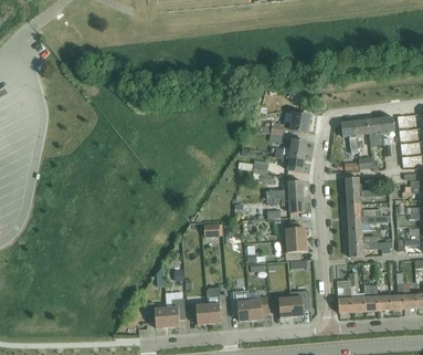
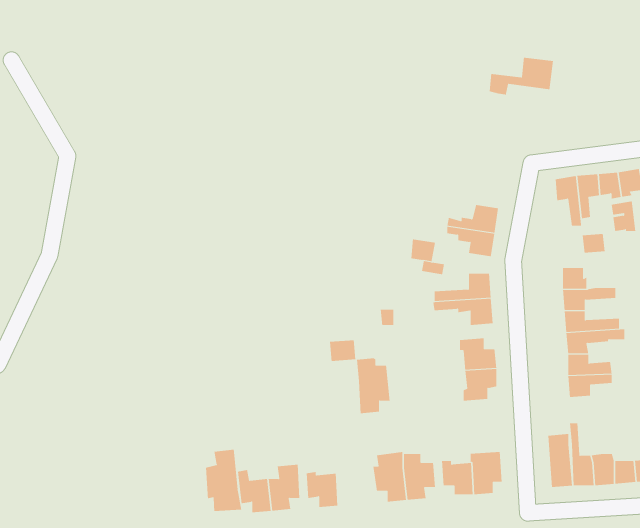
building: [271,113,310,136] -> [489,57,554,95]
building: none -> [205,449,242,512]
building: [207,290,228,324] -> [356,358,391,414]

